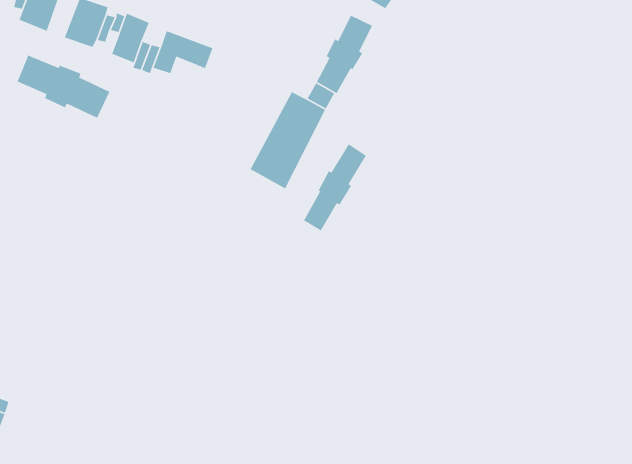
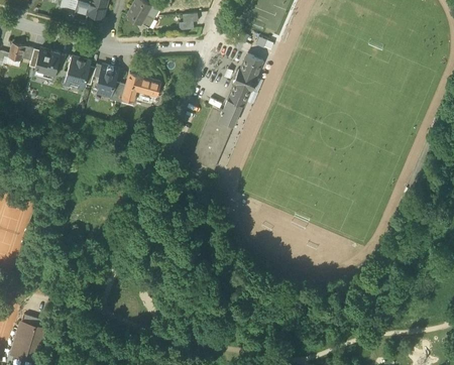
building: [17,54,110,119] -> none
building: [302,143,367,231] -> none

